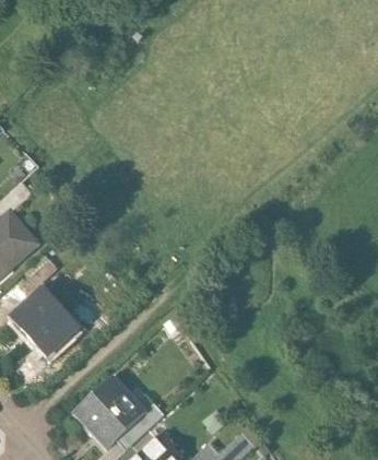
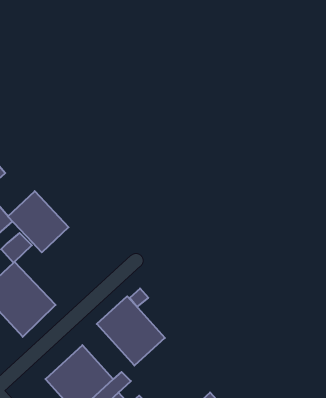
building: none -> [8,191,69,252]
building: none -> [97,296,165,366]

